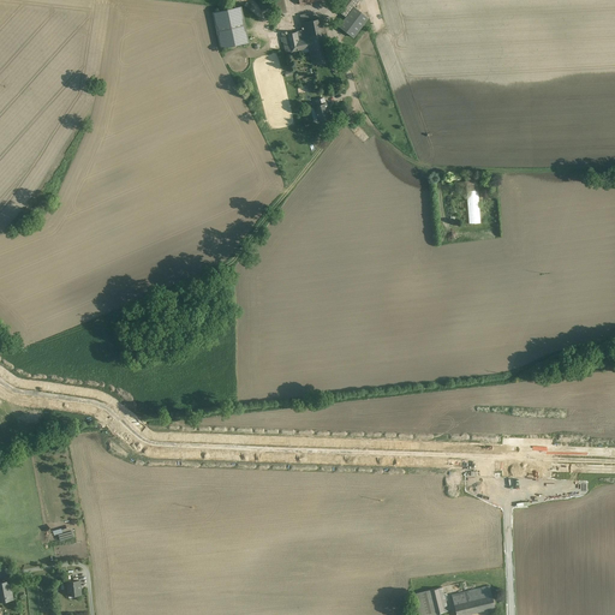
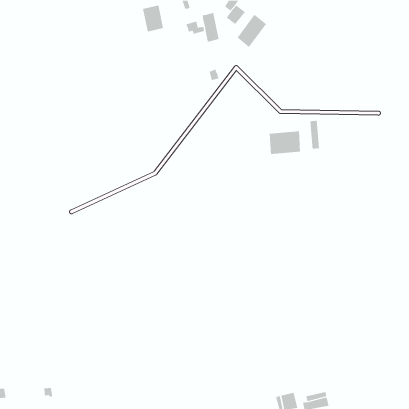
building: none -> [237,14,267,48]
building: none -> [269,131,301,155]

